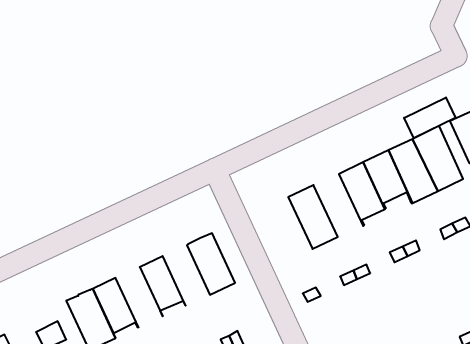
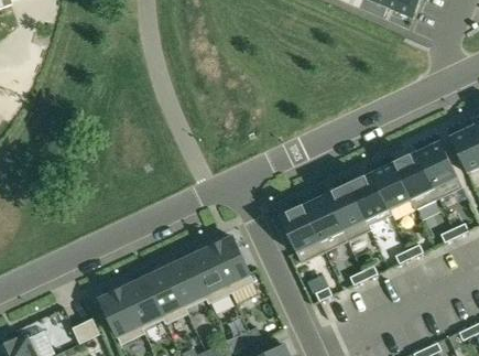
building: [404,97,456,138] -> none
building: none -> [325,183,370,240]
building: none -> [279,204,324,262]
building: none -> [187,248,230,303]
building: none -> [144,268,187,323]

